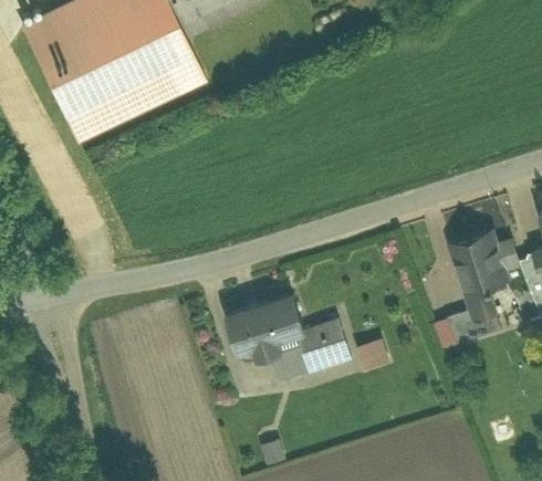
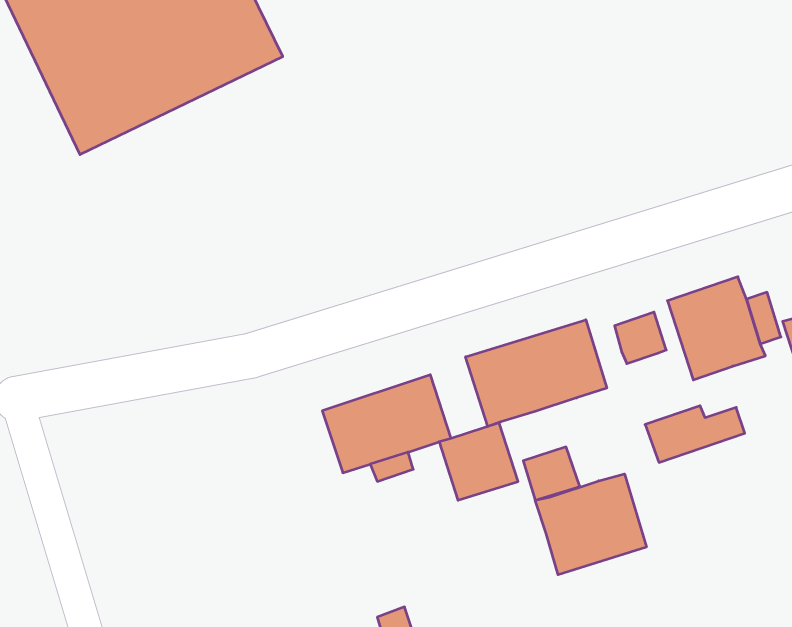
building: none -> [466,320,607,427]
building: [467,282,500,315] -> [615,312,666,364]
building: none -> [535,474,646,575]

